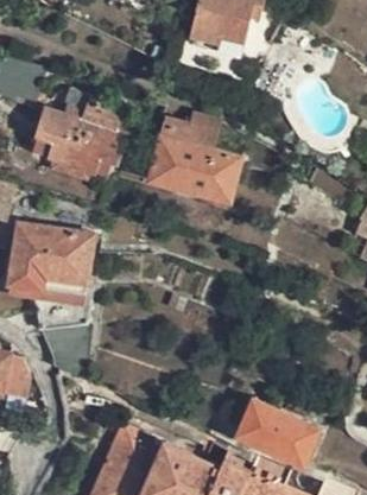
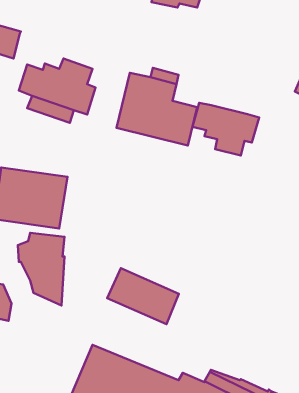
building: none -> [193,103,259,155]
building: [236,398,318,462] -> [107,268,179,324]

